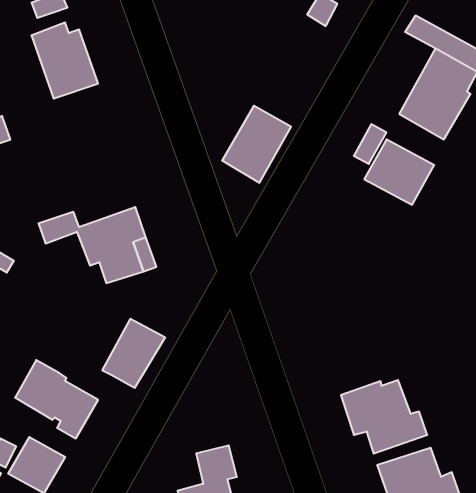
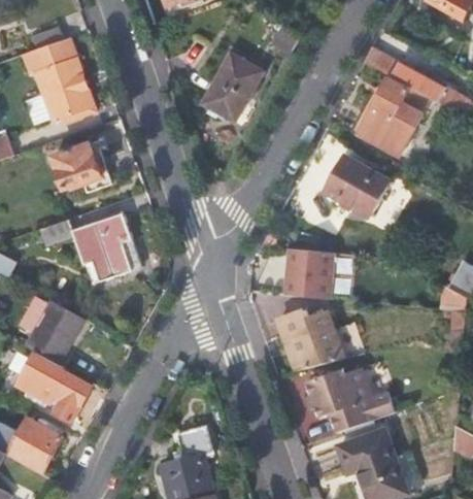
building: [222,106,291,183] -> [203,56,264,124]
building: none -> [45,143,99,190]
building: none -> [288,248,333,298]
building: none -> [278,310,343,370]
building: [102,319,165,388] -> [28,302,83,363]

